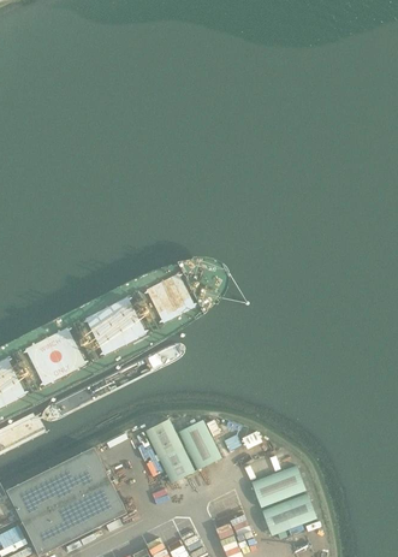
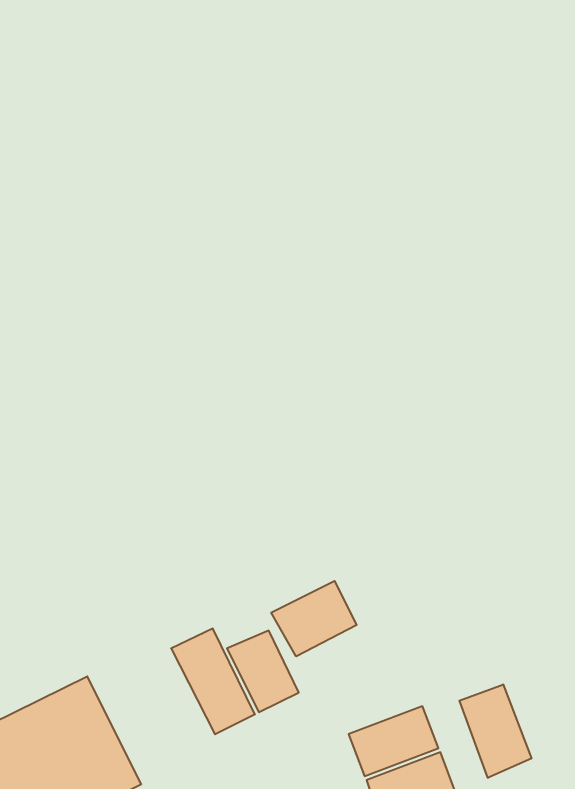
building: none -> [271,581,357,656]
building: none -> [459,684,531,778]

